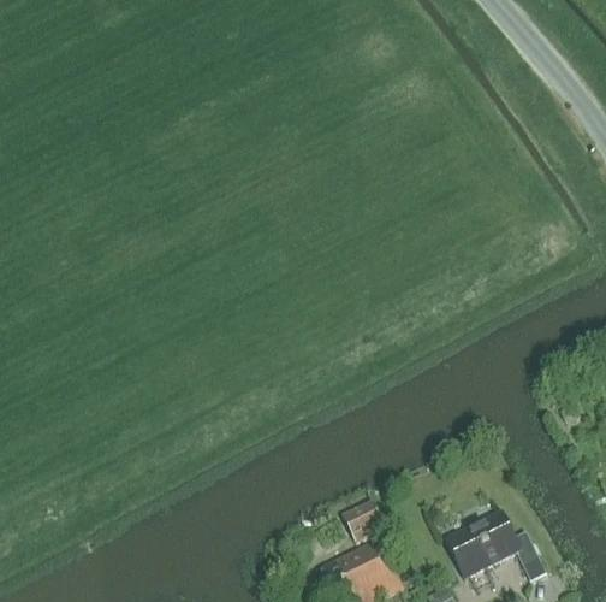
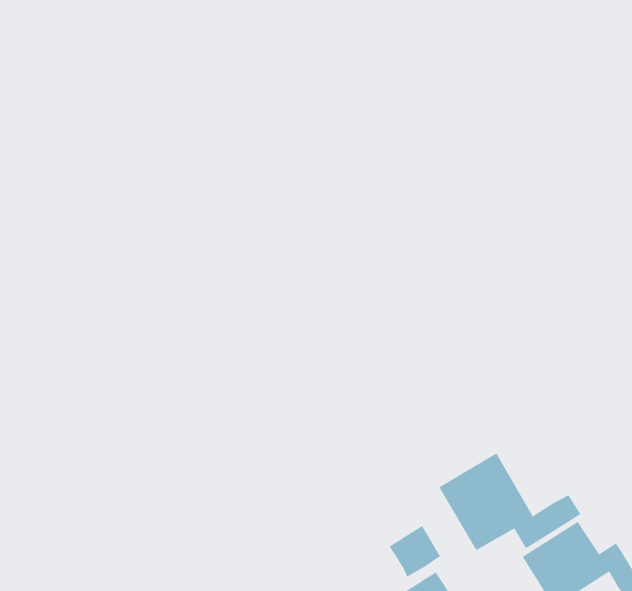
building: none -> [438,452,581,551]

